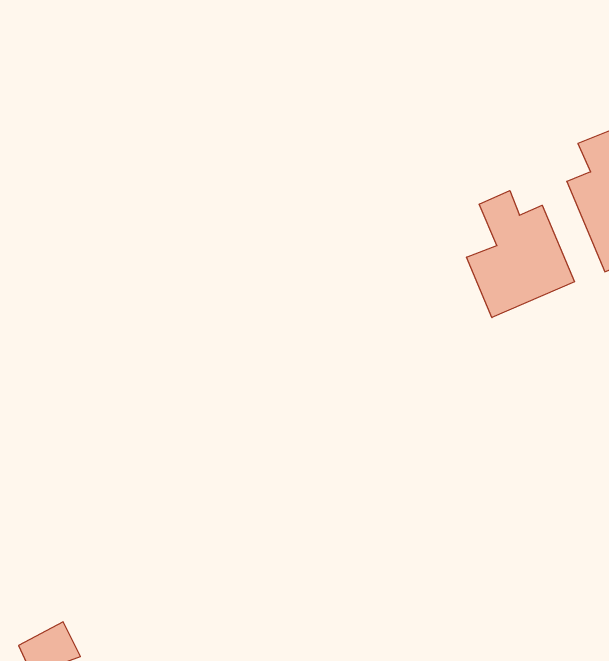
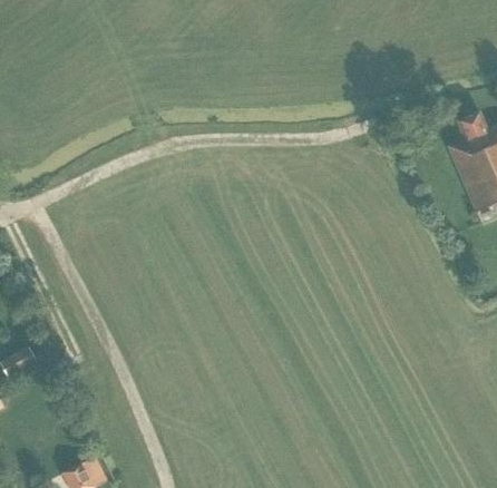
building: [467,191,575,318] -> none

